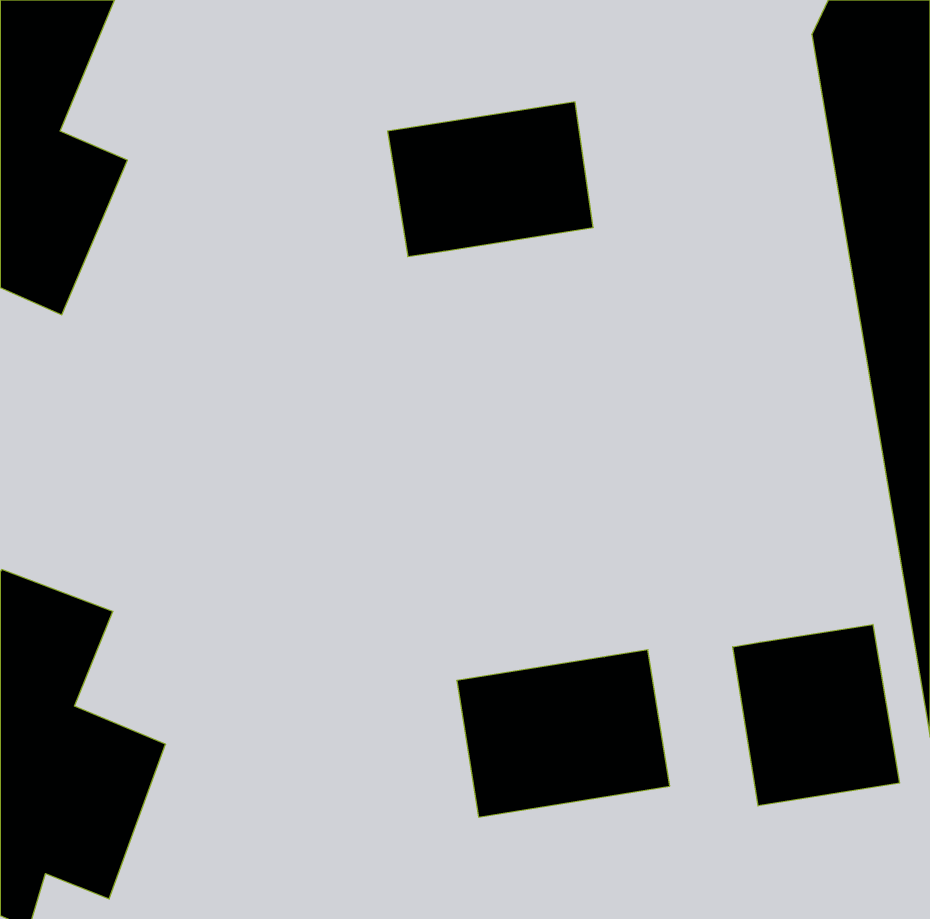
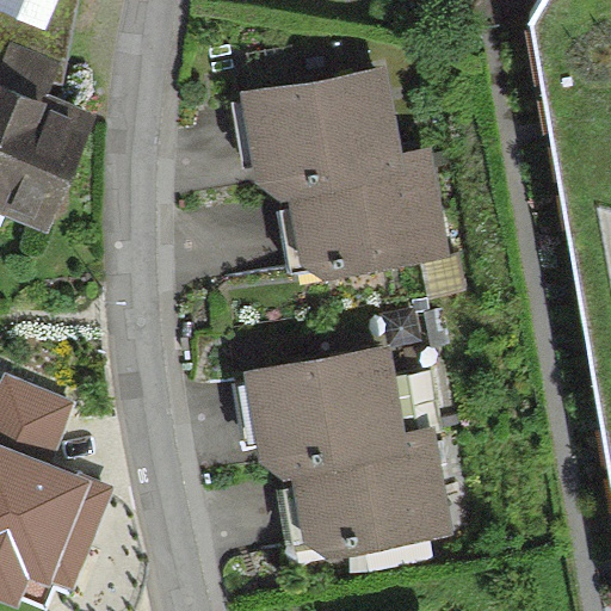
building: none -> [291,150,439,263]
building: none -> [257,352,396,458]
building: [733,624,900,806] -> none

